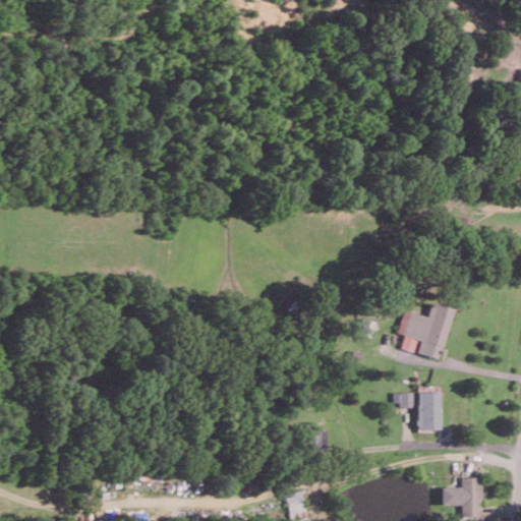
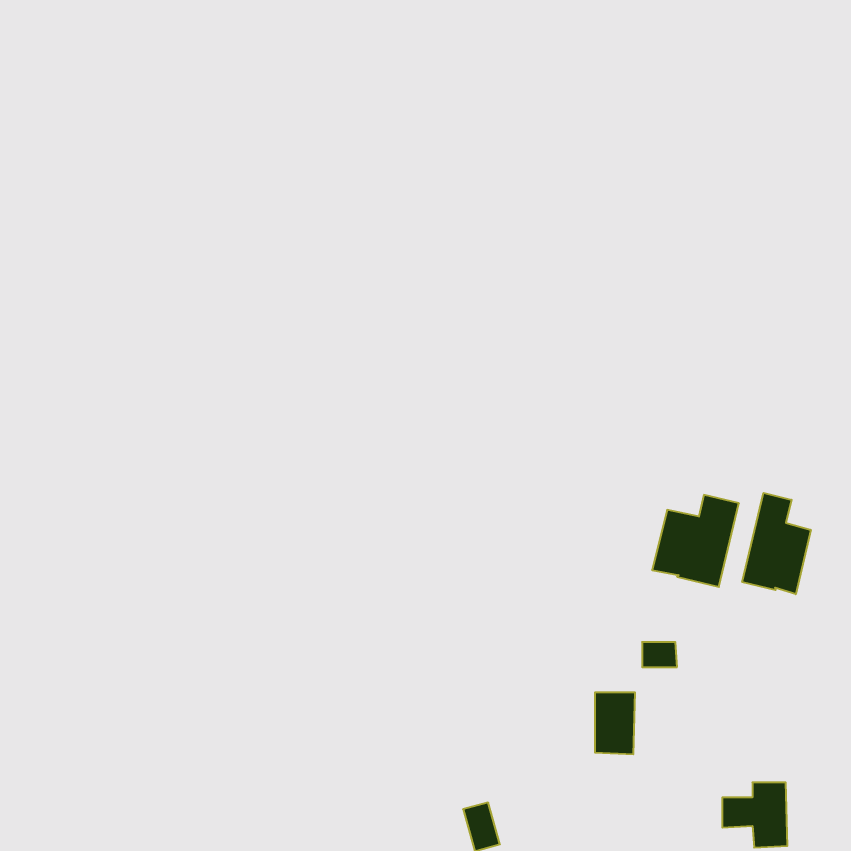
building: none -> [742,493,811,594]
building: [417,393,442,430] -> [595,692,635,754]

